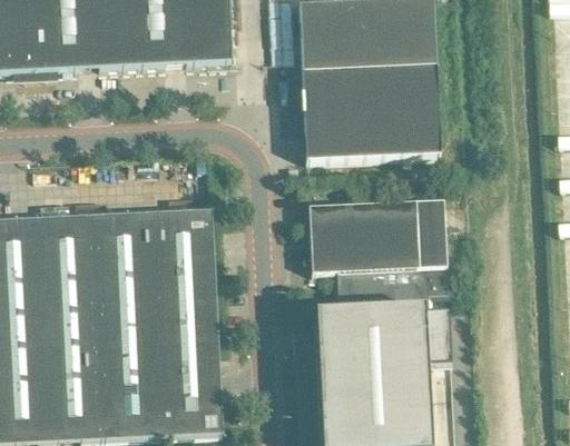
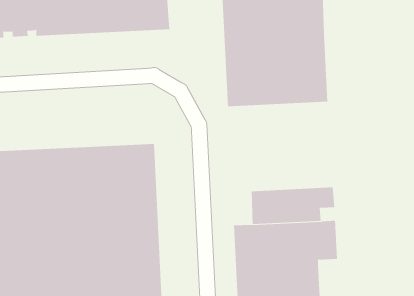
building: [308,198,448,271] -> none

